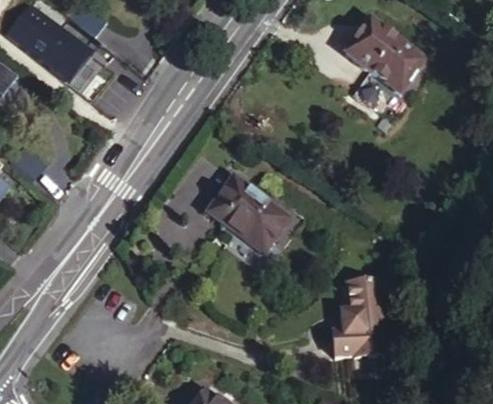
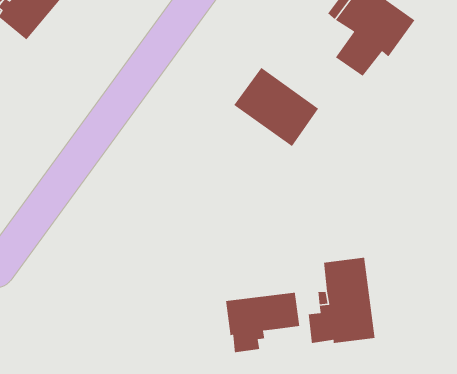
building: [205,171,285,246] -> [233,67,319,147]
building: none -> [225,292,300,353]

